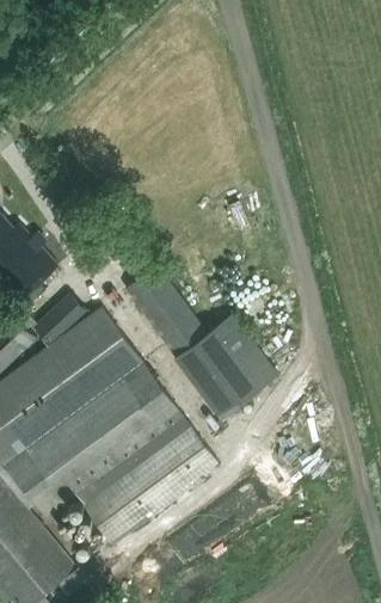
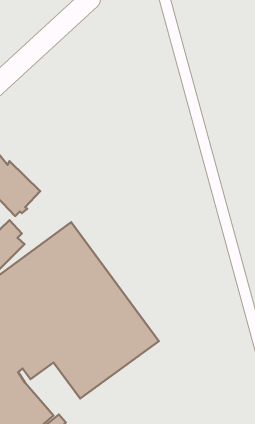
building: [124,265,279,418] -> none
building: [33,293,87,344] -> none

